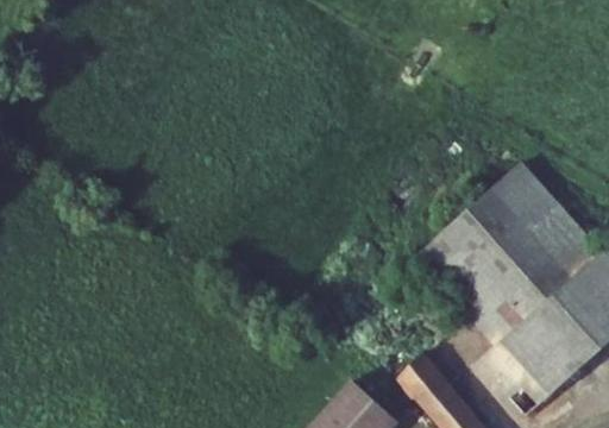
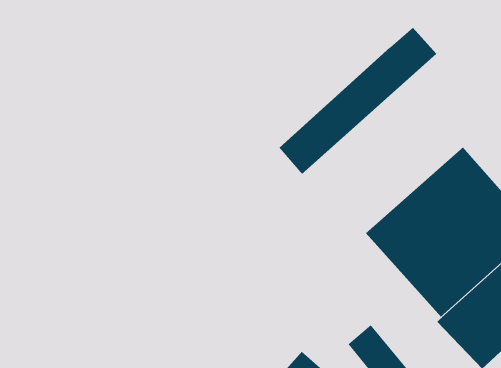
building: none -> [279,27,437,175]

